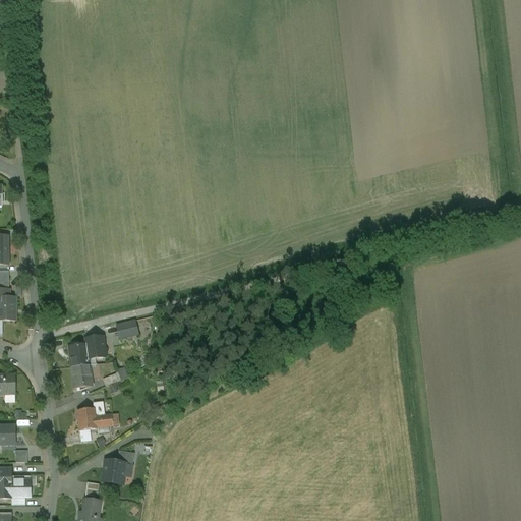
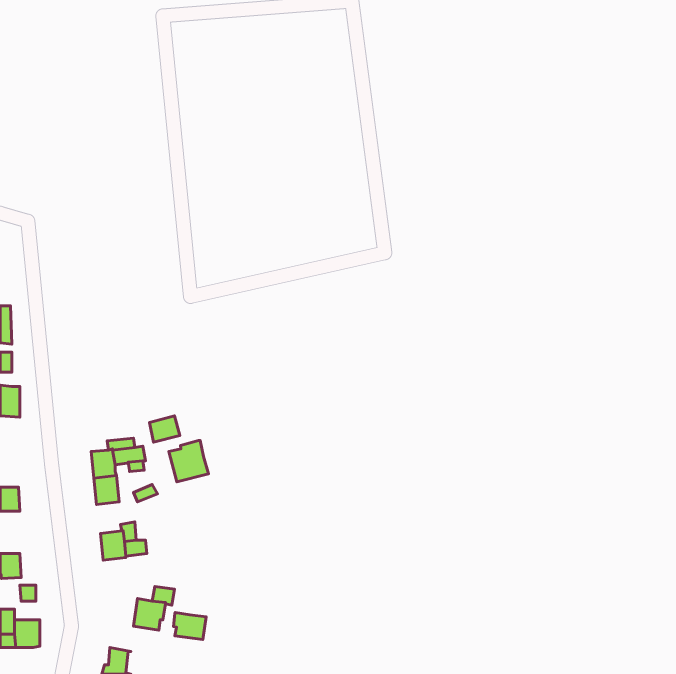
building: none -> [169,440,208,482]
building: none -> [174,612,206,640]

